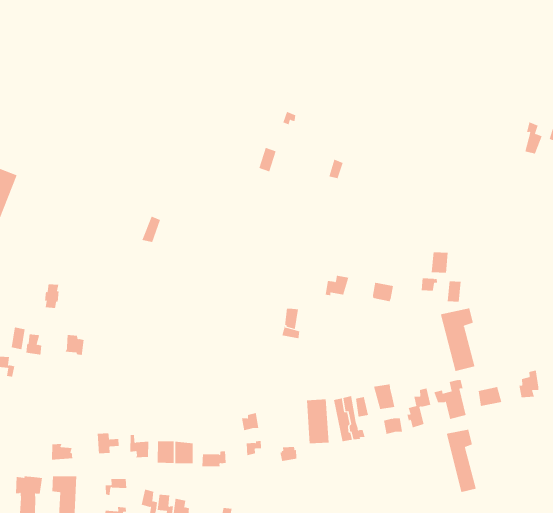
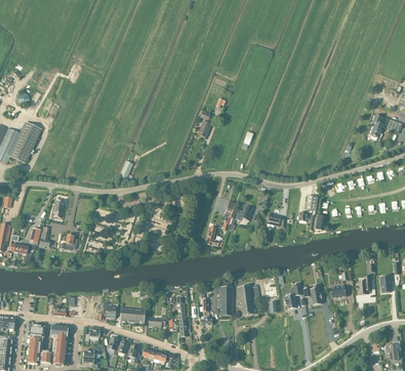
building: [440,307,475,372] -> none
building: [446,429,477,493] -> none

